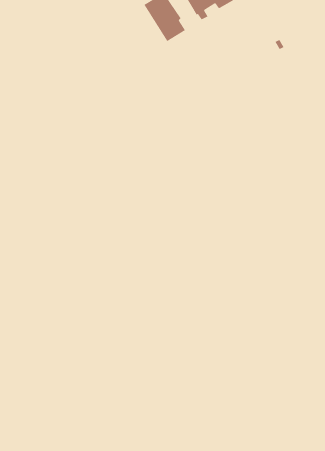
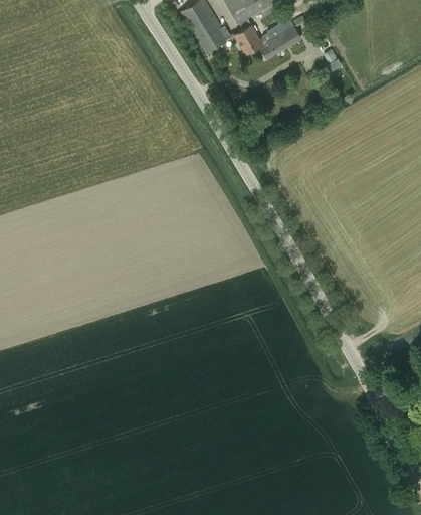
building: none -> [233,23,299,56]

